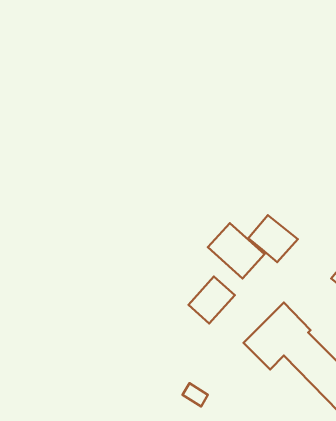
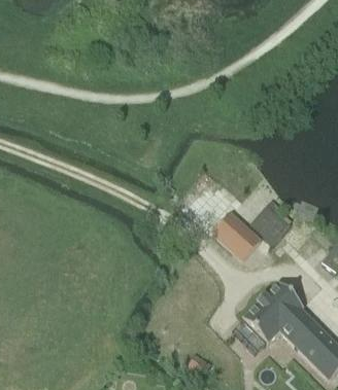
building: [188,276,235,323] -> none

